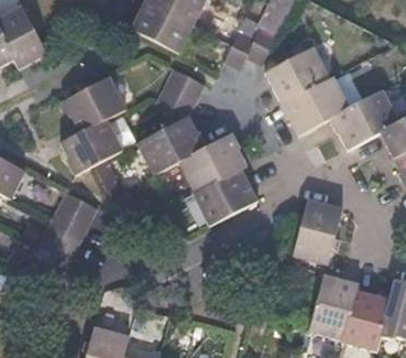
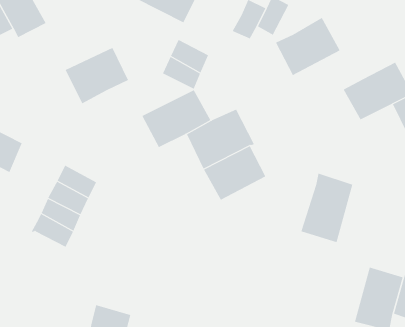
building: [283,77,350,133] -> none
building: [61,118,121,173] -> none
building: [308,272,358,340] -> none

